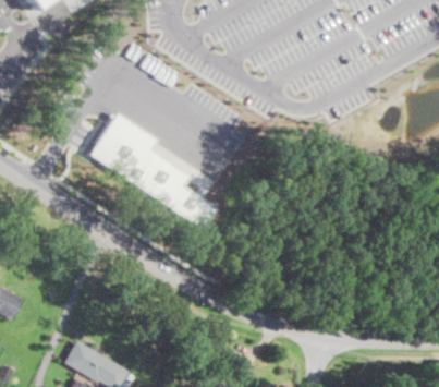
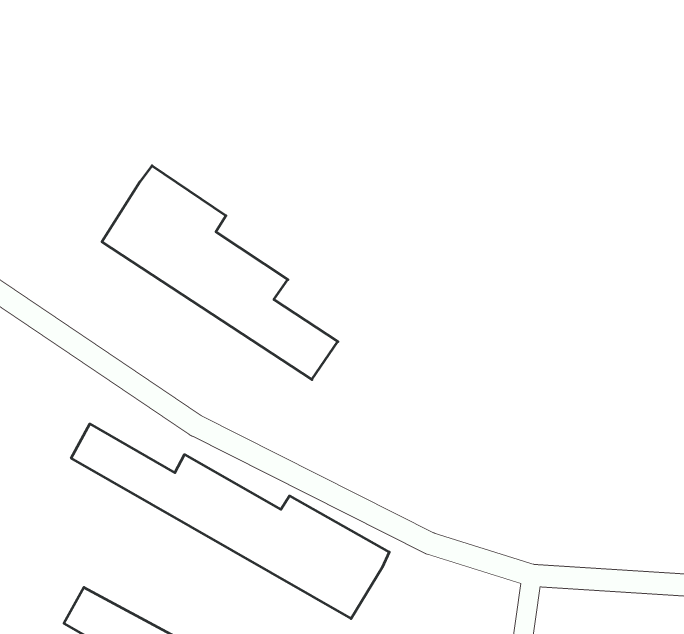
building: none -> [71,424,389,619]

